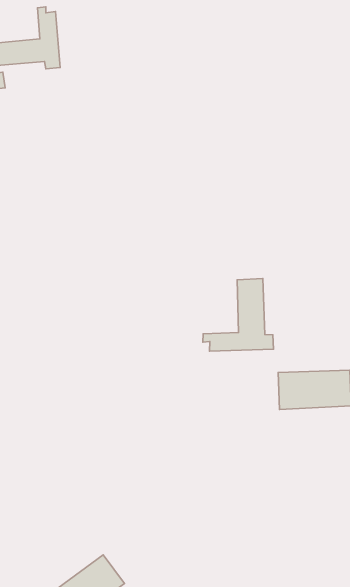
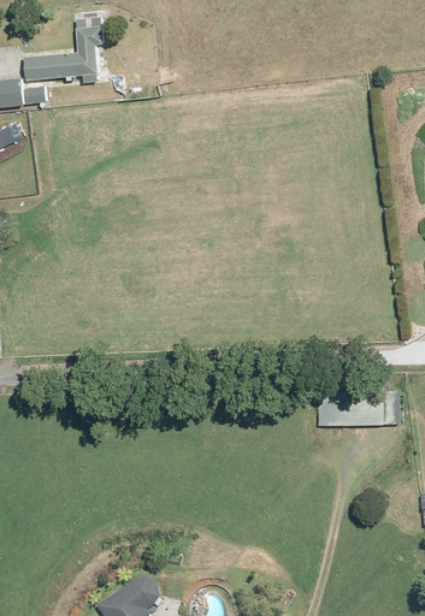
building: [203,278,273,351] -> none

